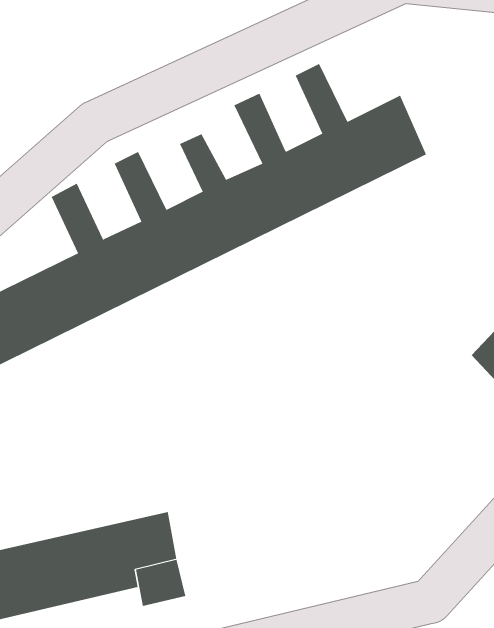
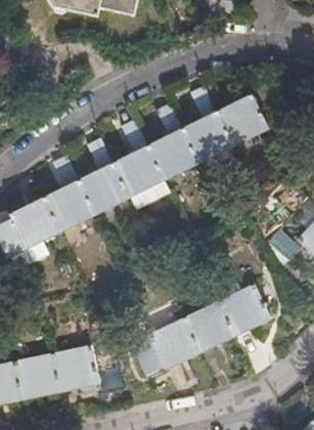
building: none -> [133,285,270,373]

